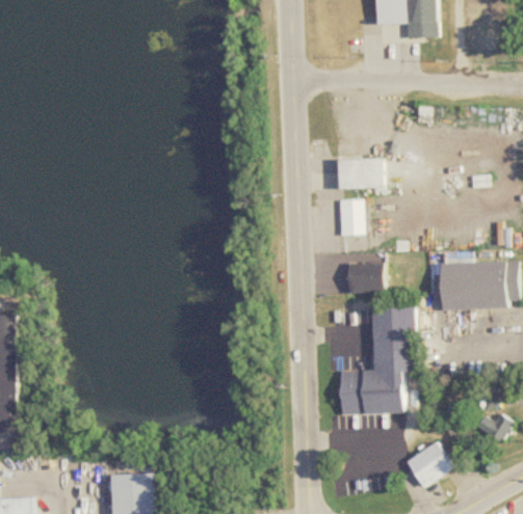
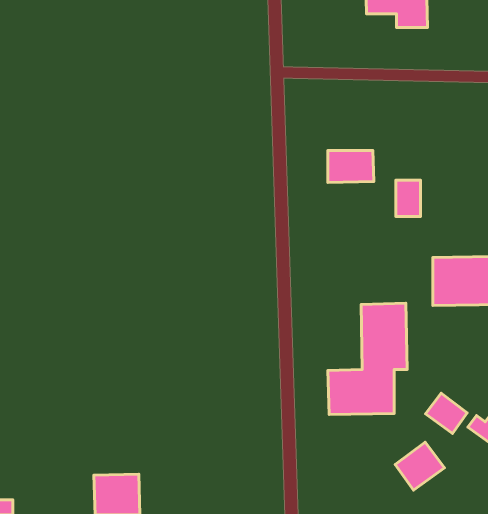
building: [338,199,362,235] -> [396,180,420,217]
building: [347,263,383,292] -> none
building: none -> [426,393,467,433]

